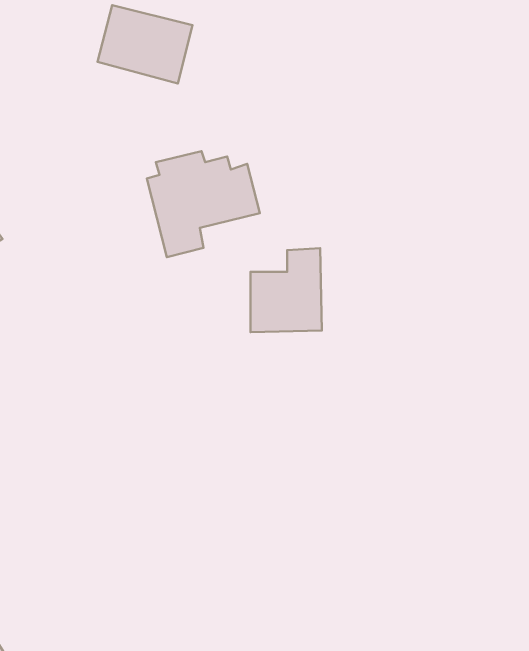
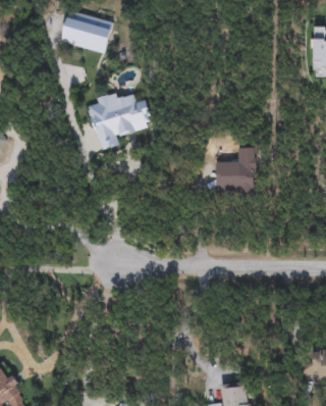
building: [251,248,322,332] -> [216,146,256,193]

